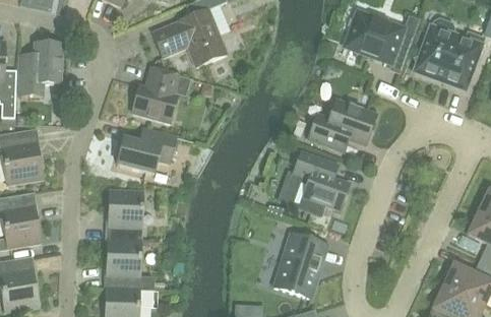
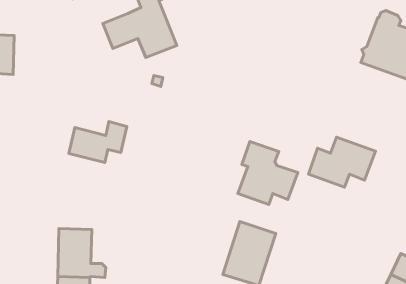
building: [345,11,404,62] -> none
building: [131,66,178,122] -> none
building: [308,100,376,150] -> [309,137,376,187]
building: [107,189,142,240] -> none

